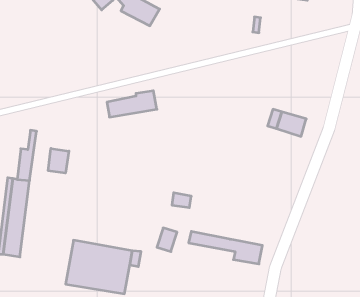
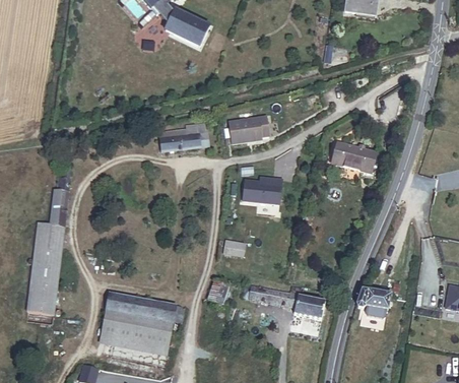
building: none -> [226,111,267,139]
building: none -> [247,179,284,206]
building: [48,148,69,173] -> none
building: none -> [359,286,394,313]

